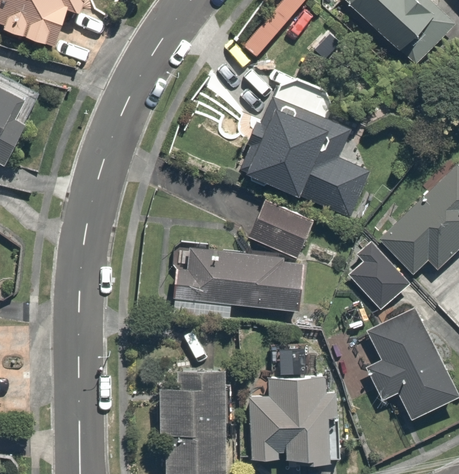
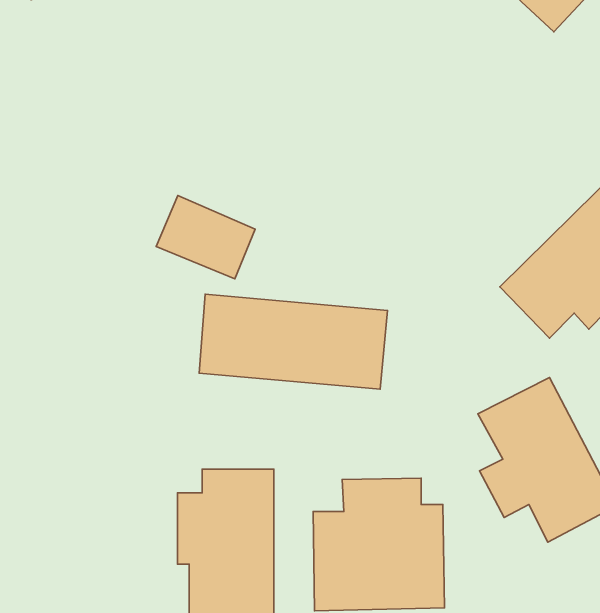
building: [236,94,373,219] -> none
building: [246,200,314,257] -> [156,196,255,279]
building: [350,240,408,309] -> none

